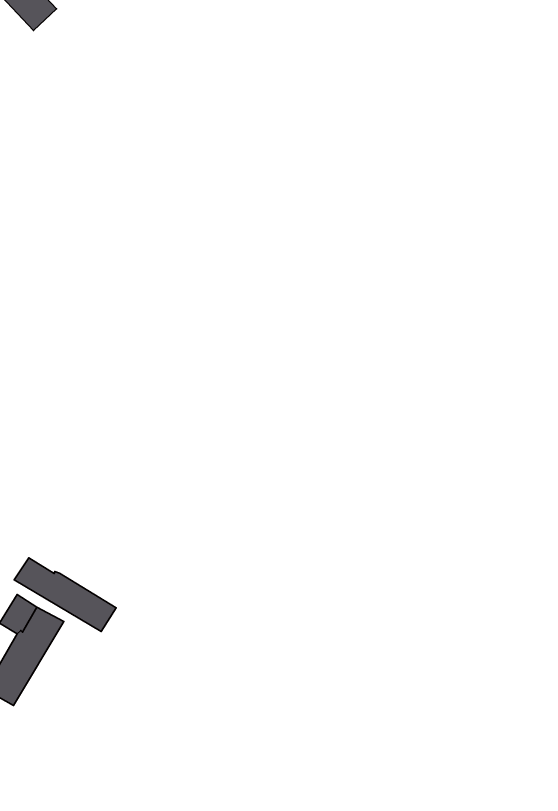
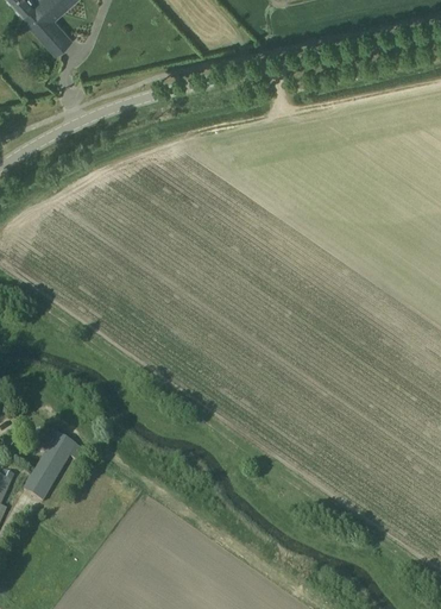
building: [14,558,116,632] -> none

